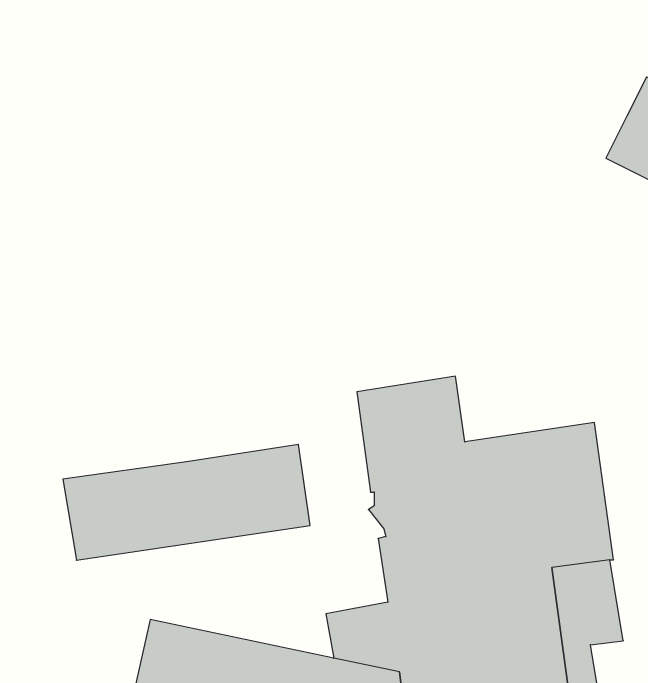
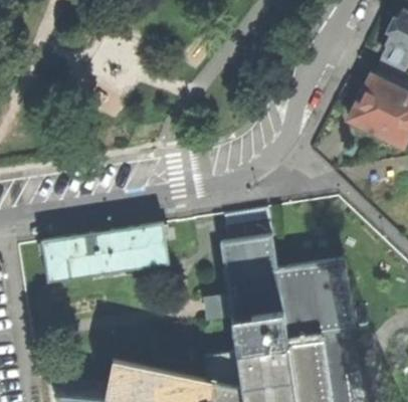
building: [63,444,310,560] -> [41,222,170,282]

